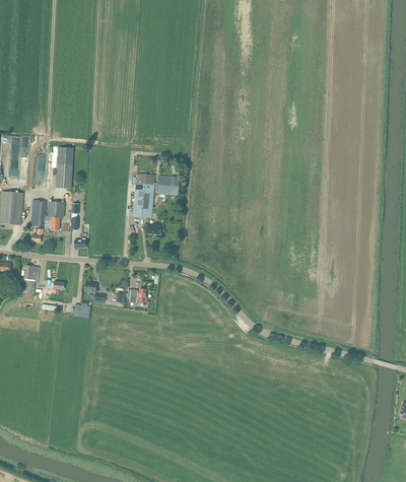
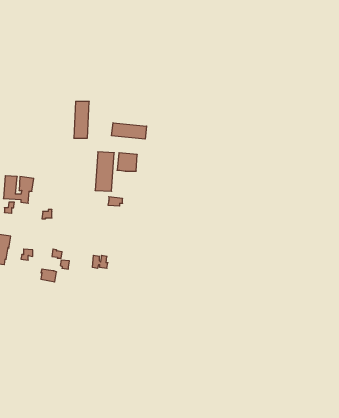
building: none -> [112,123,147,139]
building: [56,147,73,188] -> [74,101,89,138]

